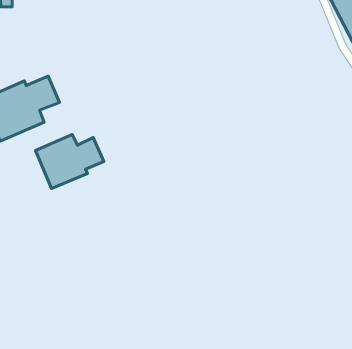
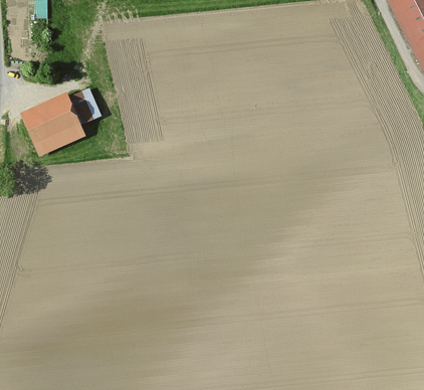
building: [35,134,104,188] -> none

